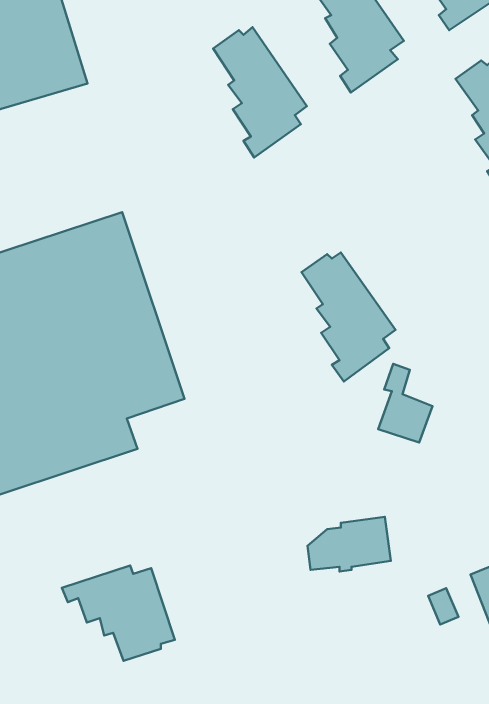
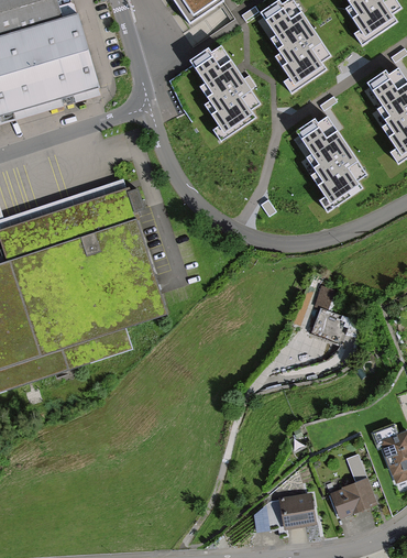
building: [302,253,395,381] -> [295,114,363,208]
building: [308,517,391,571] -> [255,491,316,530]
building: [62,566,175,661] -> none
building: none -> [330,475,377,516]

